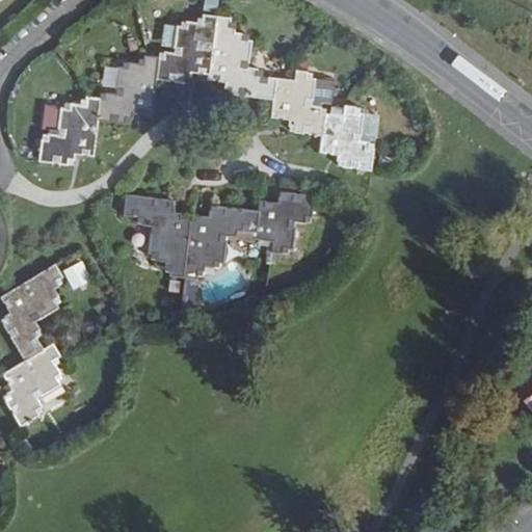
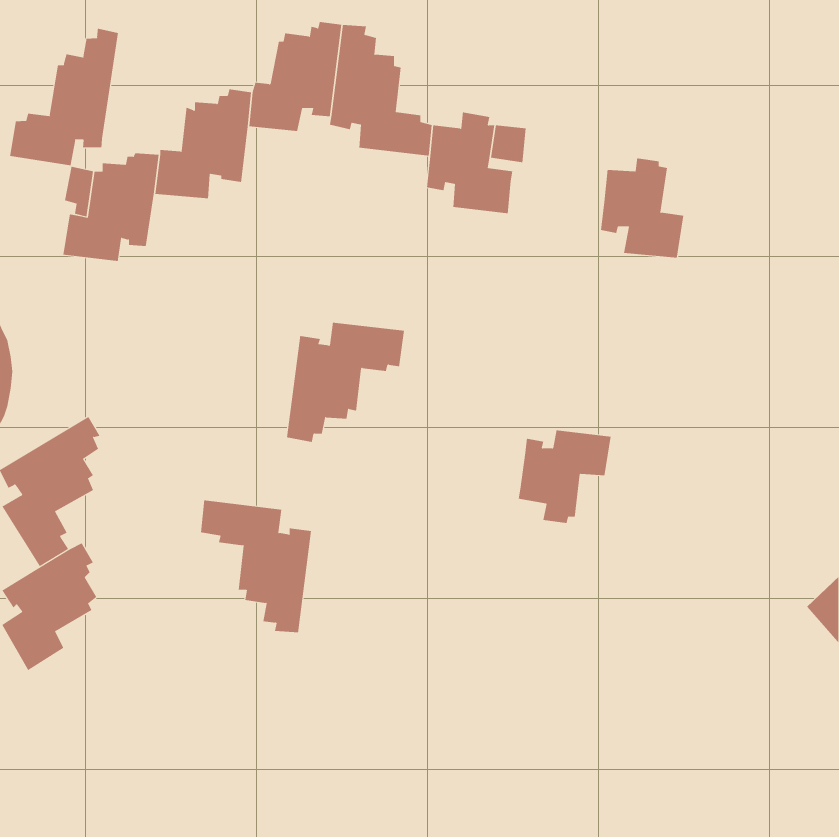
building: none -> [10,28,119,166]
building: [319,107,372,170] -> [600,158,684,258]
building: [118,192,189,276] -> [200,500,312,633]
building: [251,194,311,254] -> [518,430,612,524]

